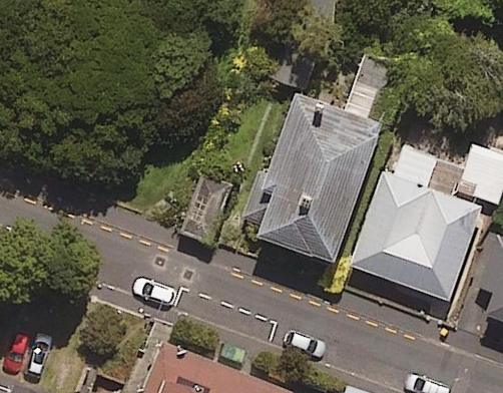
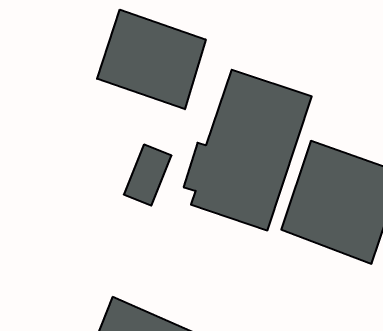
building: none -> [97,10,206,109]

